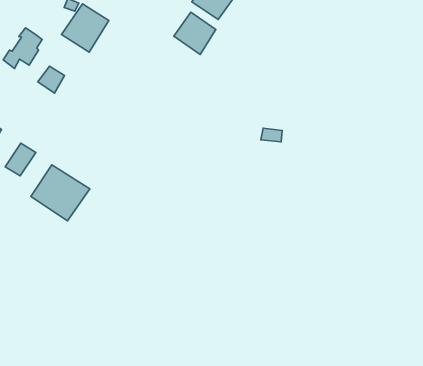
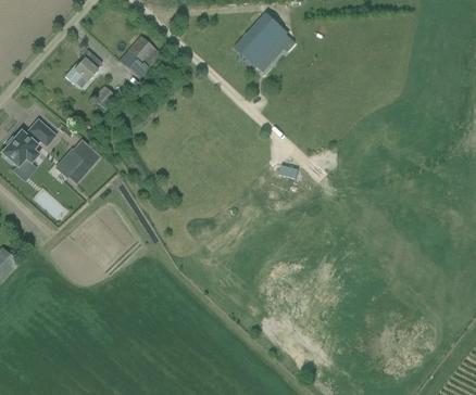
building: [174,12,216,54] -> none
building: [31,165,90,221] -> none

